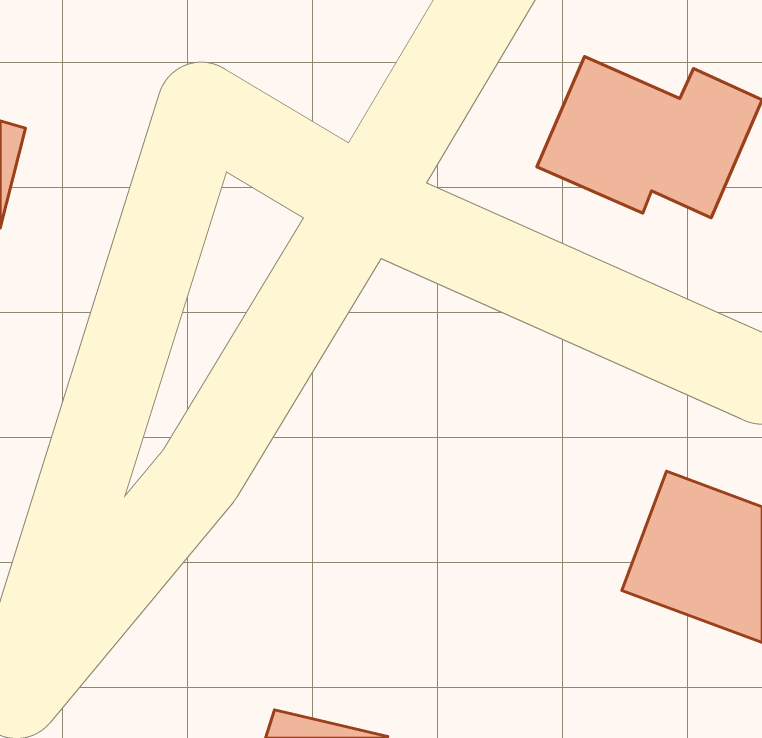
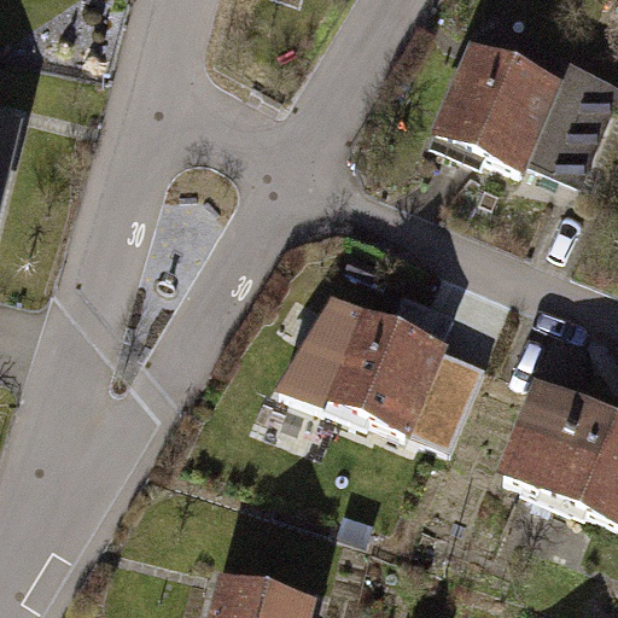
building: none -> [288,303,444,428]

